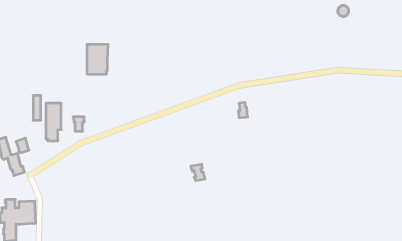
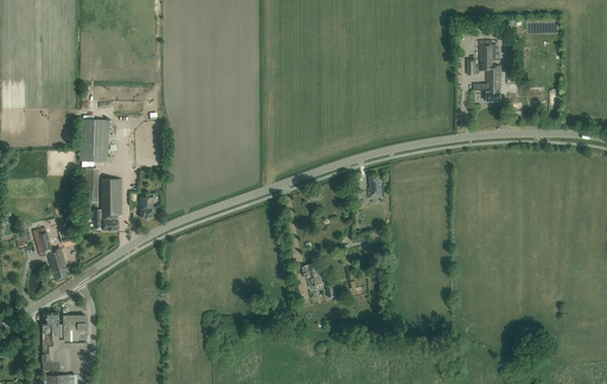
building: none -> [480,39,501,101]
building: [87,44,108,74] -> [79,119,109,160]

